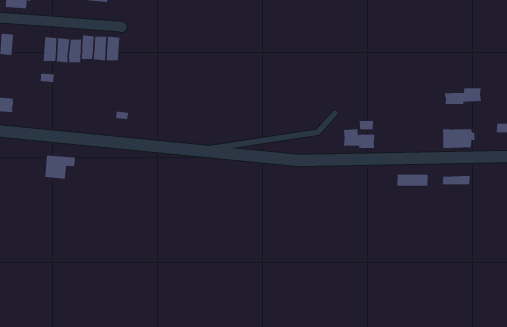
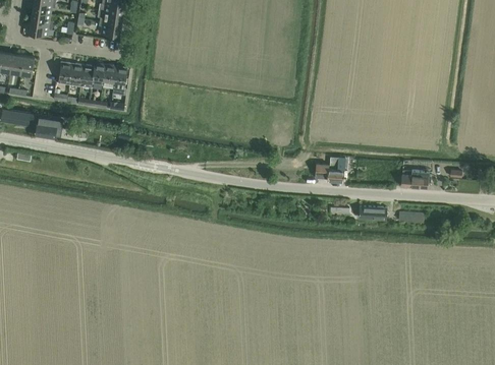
building: [444,87,481,105] -> none
building: [45,155,76,179] -> [35,117,63,139]

